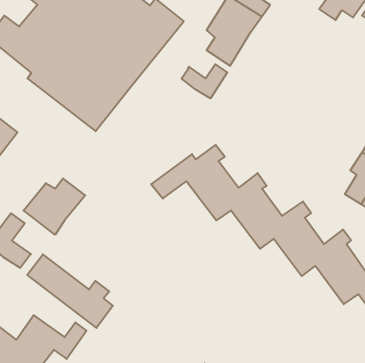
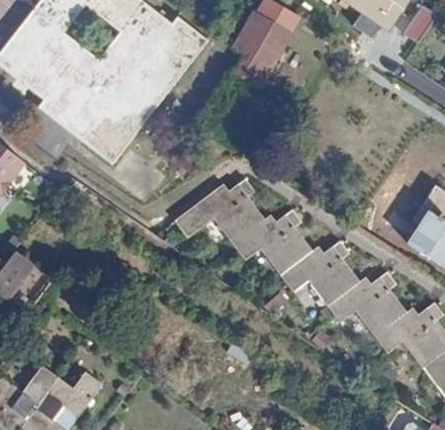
building: [182,64,227,98] -> none
building: [23,178,85,235] -> none
building: [27,254,113,328] -> none

